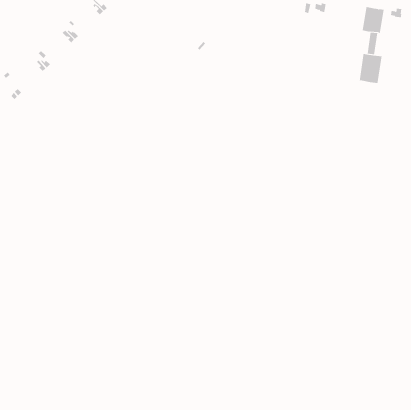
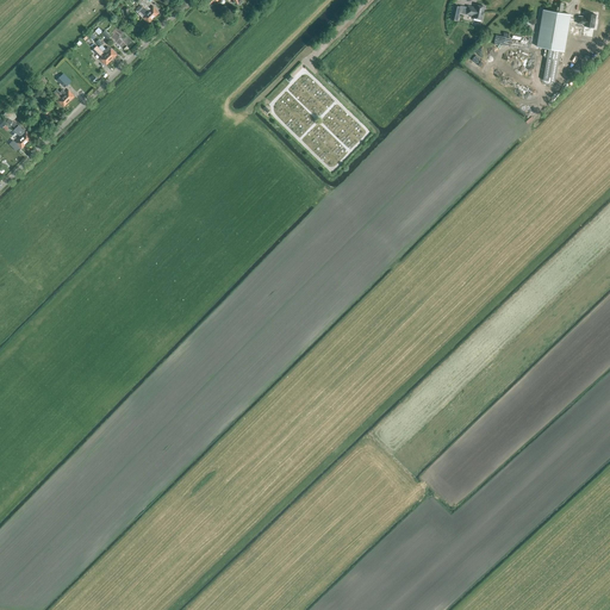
building: [359,53,382,84] -> none

